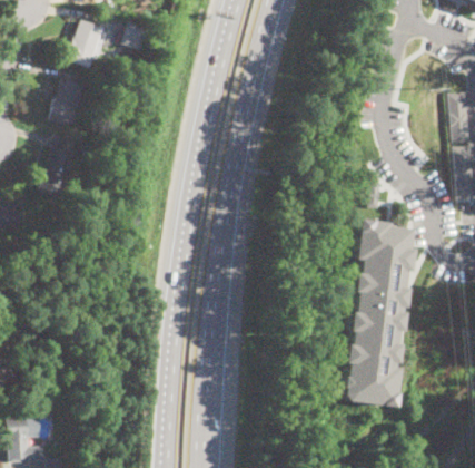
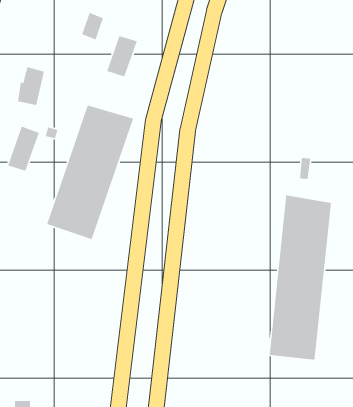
building: [75,18,110,66] -> [106,35,138,77]
building: none -> [46,105,134,240]

